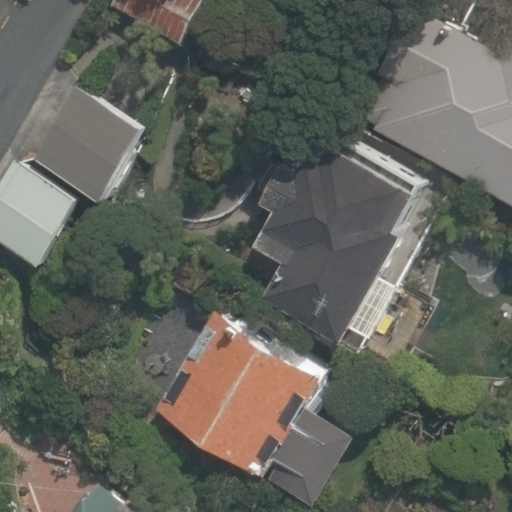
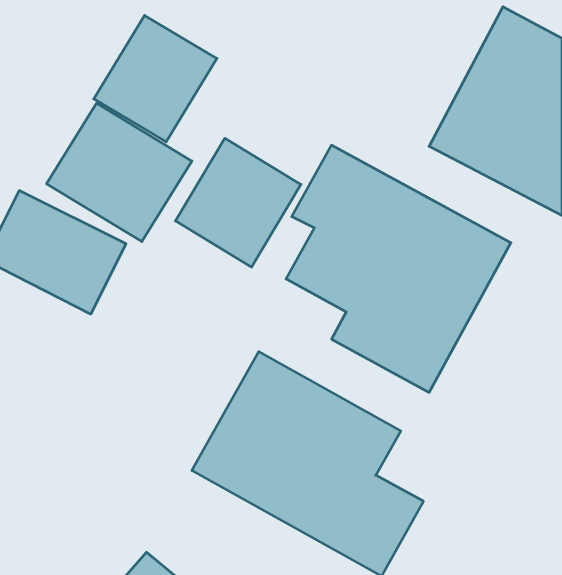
building: none -> [94,15,217,142]
building: none -> [175,138,301,267]

